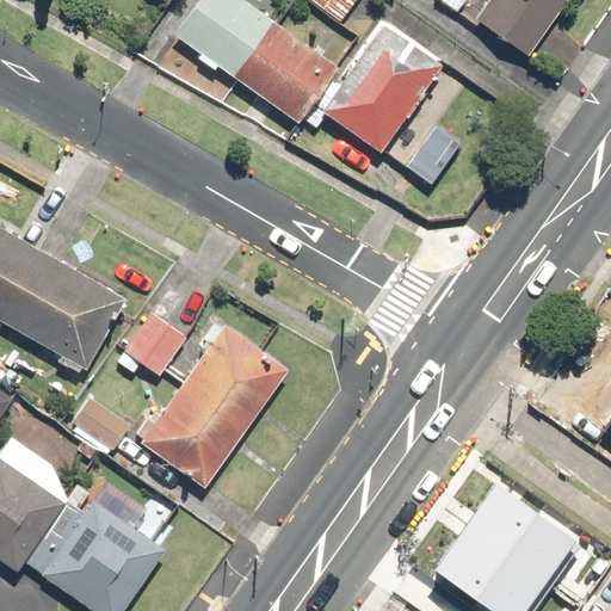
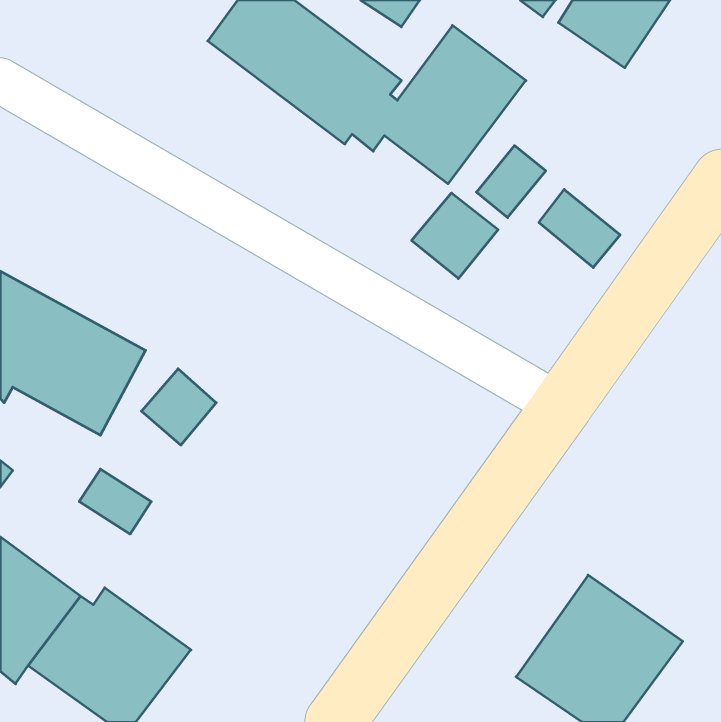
building: none -> [539,189,620,268]
building: none -> [412,193,498,279]
building: [132,325,286,486] -> none

